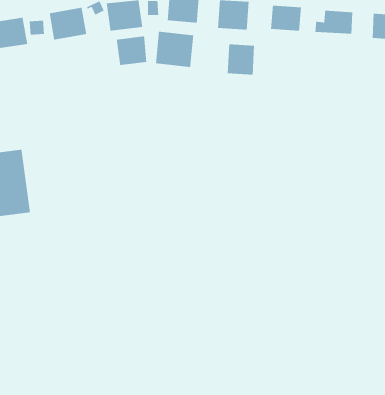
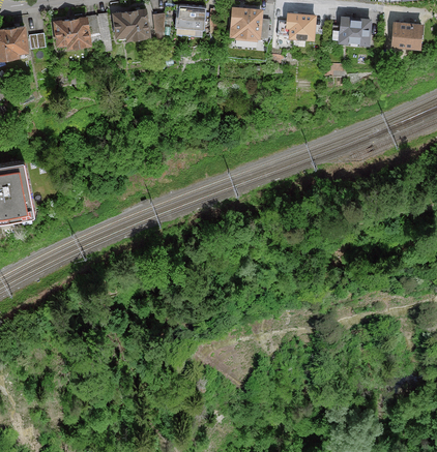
building: [155,31,194,68] -> none
building: [116,36,147,66] -> none
building: [227,44,255,75] -> none

